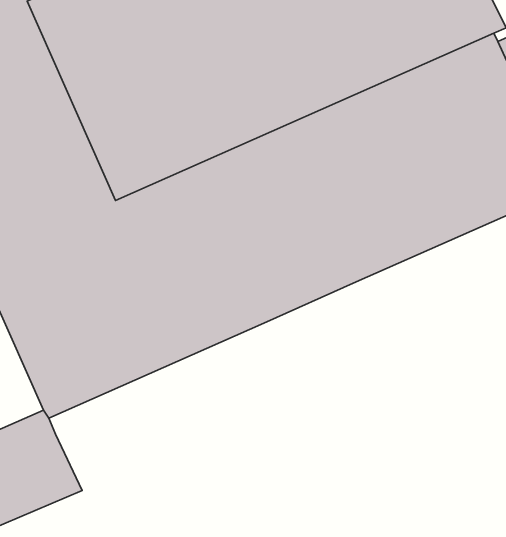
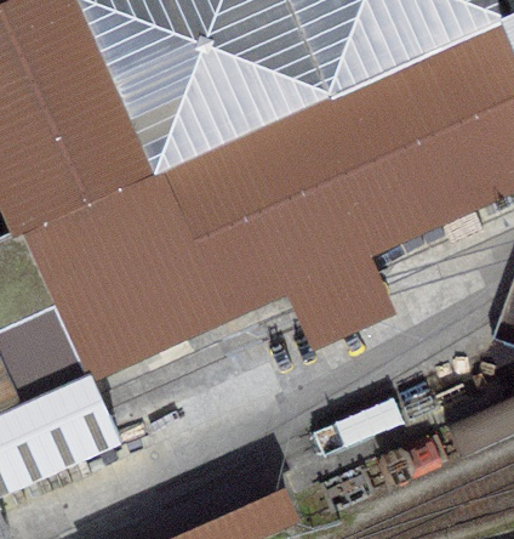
building: none -> [286,257,394,351]

